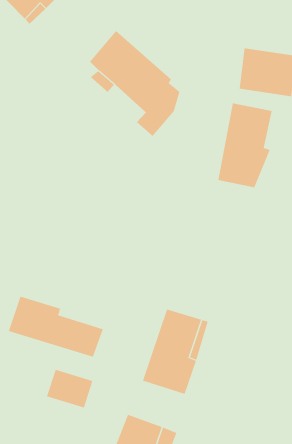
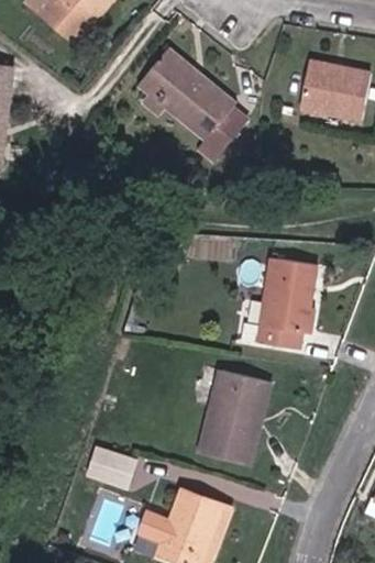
building: [218,103,272,188] -> [258,252,320,347]
building: [8,296,103,358] -> none

